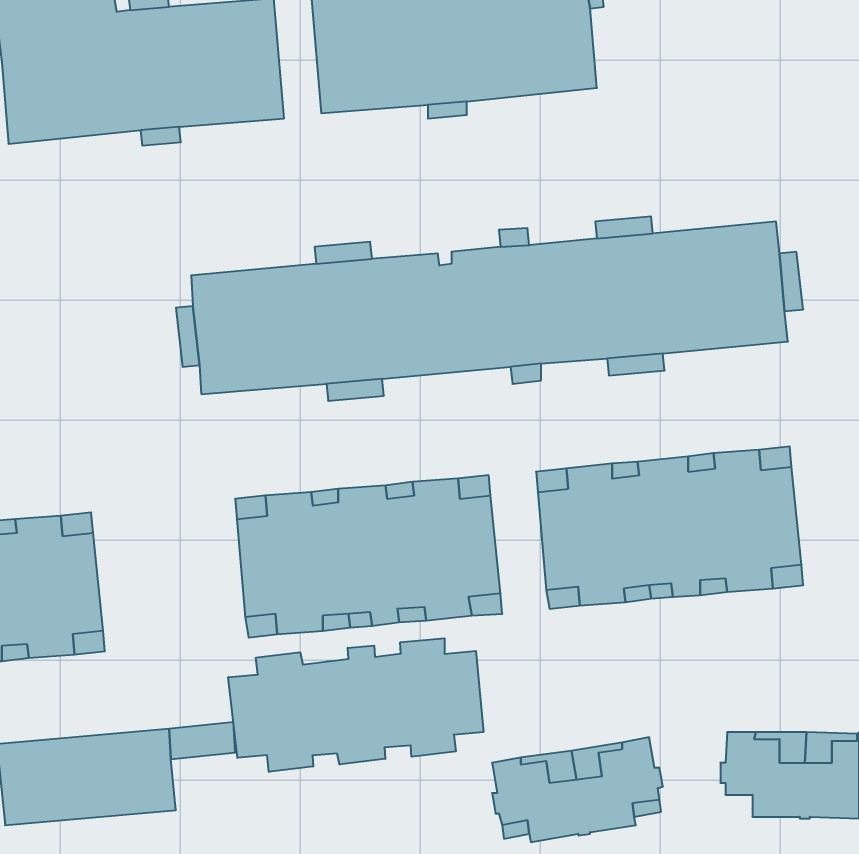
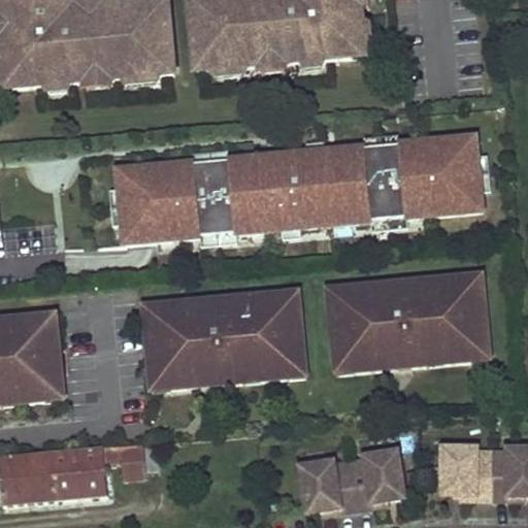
building: [228,638,483,772] -> none

